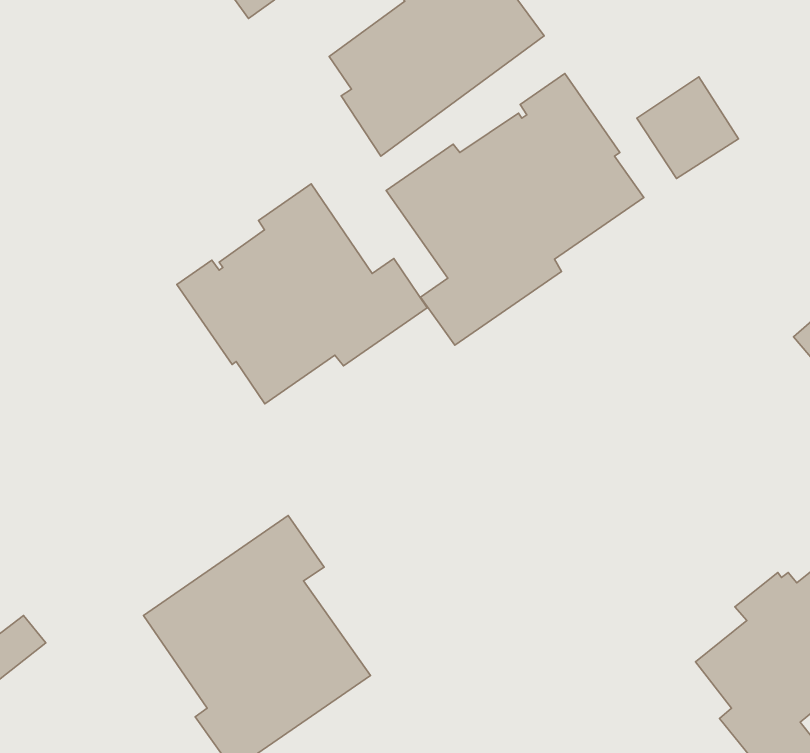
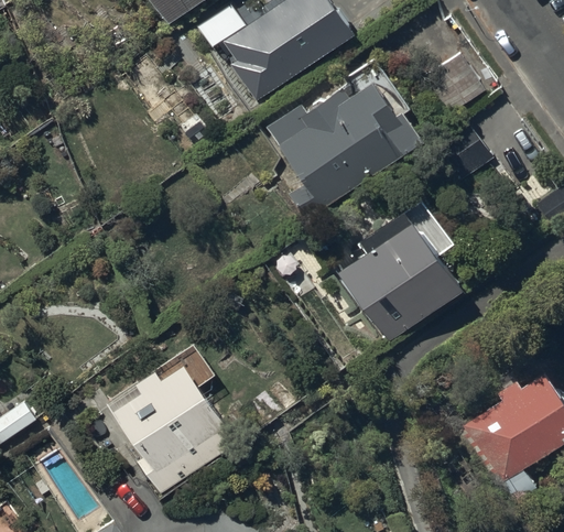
building: [177,184,427,404] -> none
building: none -> [334,199,469,345]

